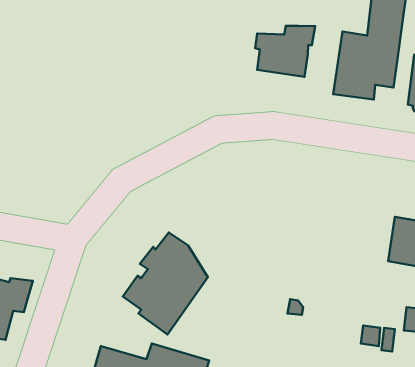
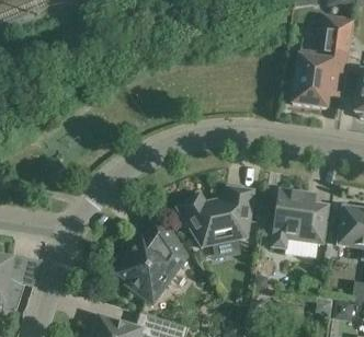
building: [255,26,315,77] -> none
building: none -> [175,185,253,246]
building: none -> [271,189,327,246]

